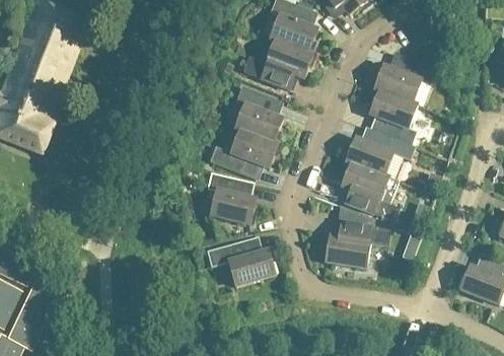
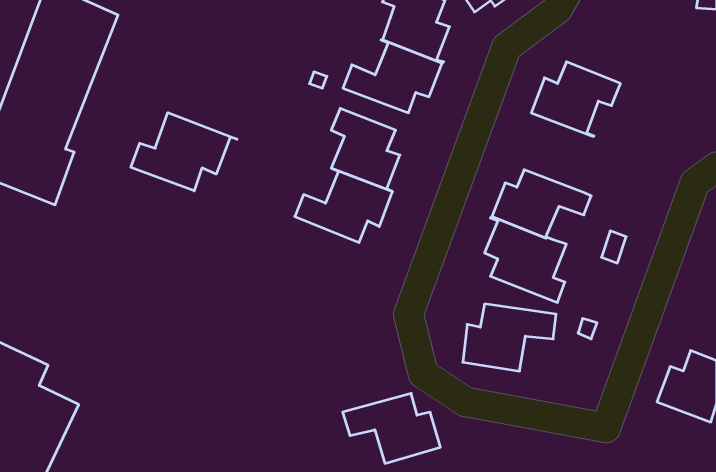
building: none -> [131,113,237,191]
building: [368,89,416,145] -> none
building: [206,172,256,224] -> none
building: [206,237,274,286] -> [343,393,440,463]

